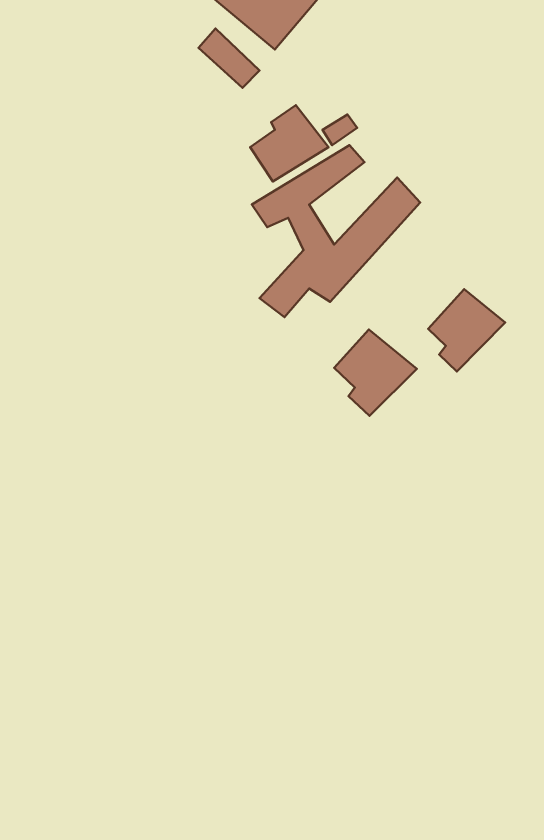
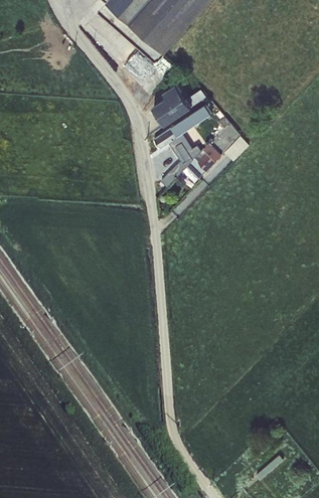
building: [428,289,505,372] -> none
building: [334,329,417,416] -> none

